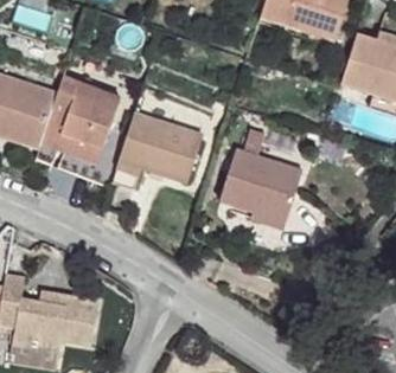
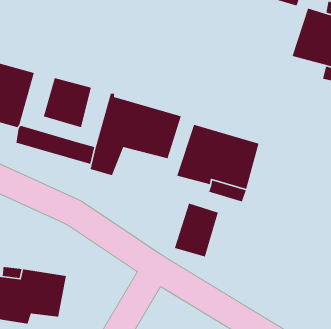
building: [52,83,130,166] -> none
building: none -> [174,203,219,257]

